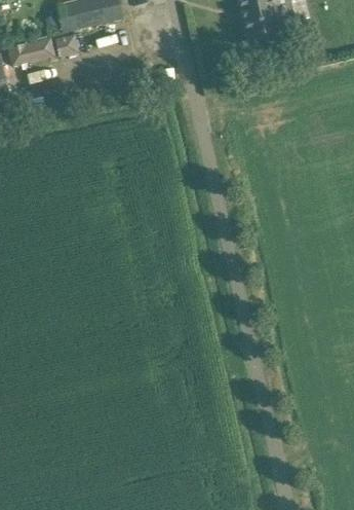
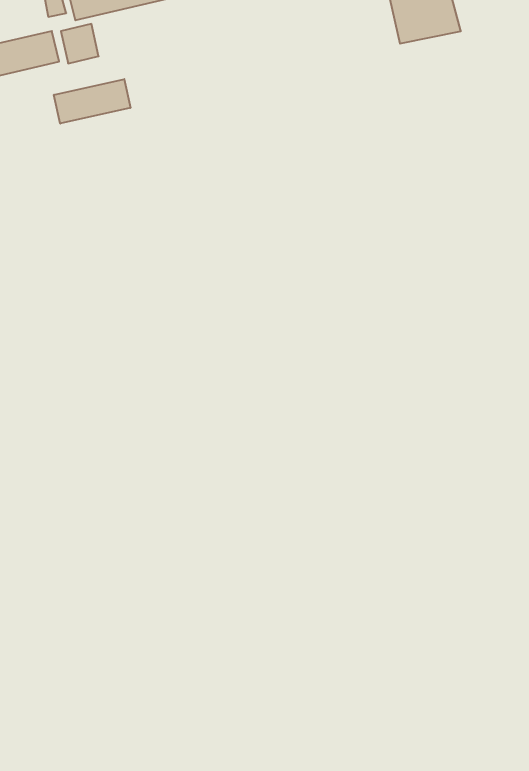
building: none -> [54,79,130,124]

